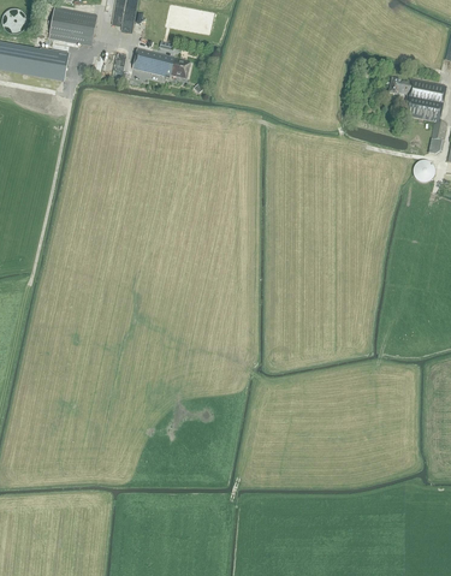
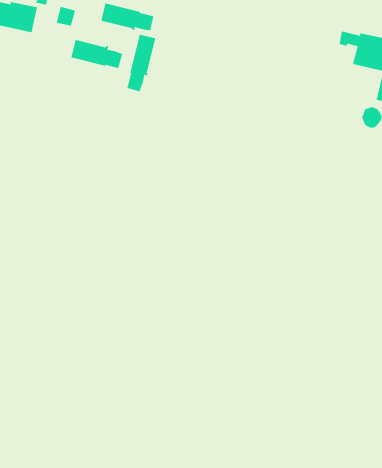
building: none -> [127,34,156,92]
building: none -> [71,39,123,69]

